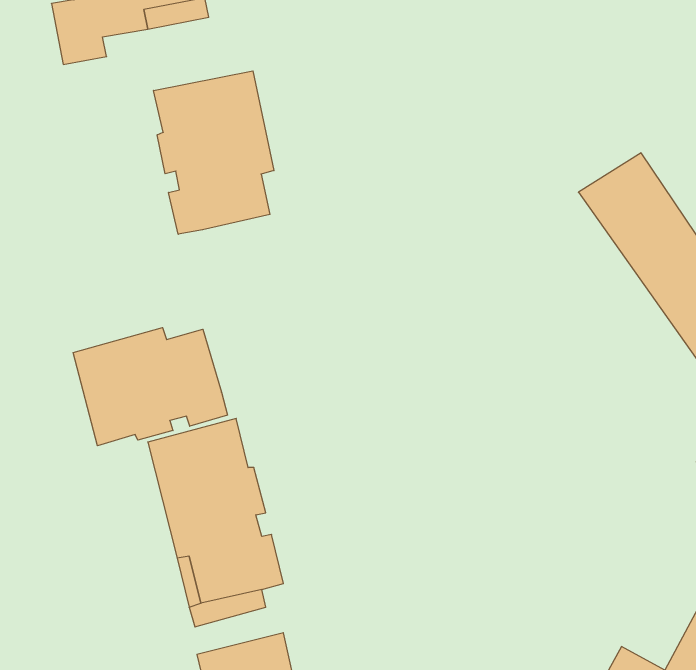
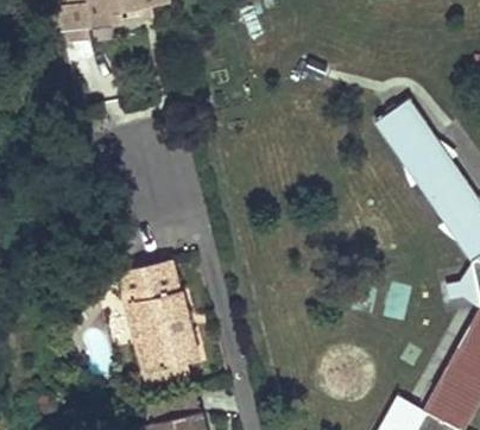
building: [154,71,274,234] -> none
building: [73,328,227,446] -> none

